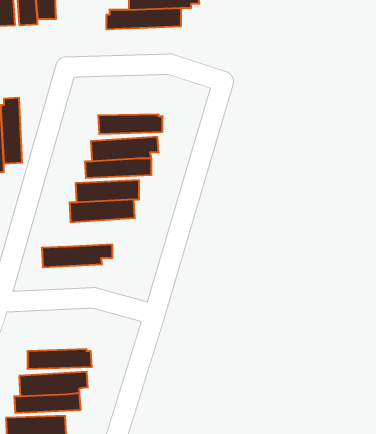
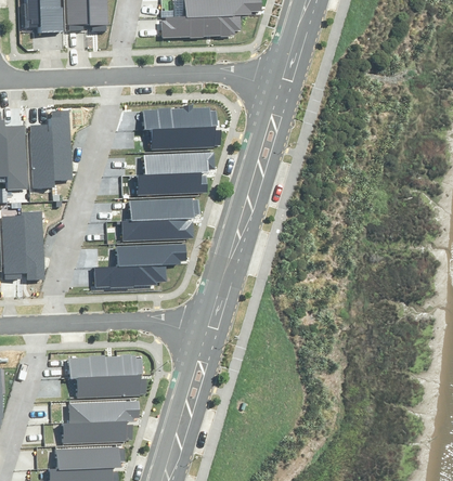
building: none -> [143,107,215,129]
building: none -> [116,242,187,266]
building: none -> [67,355,139,377]

